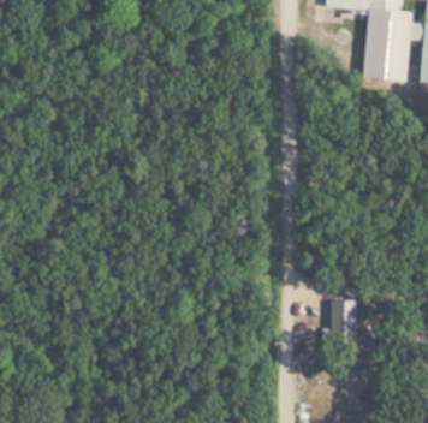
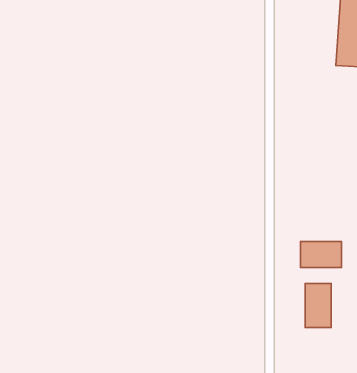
building: none -> [300,242,342,268]

